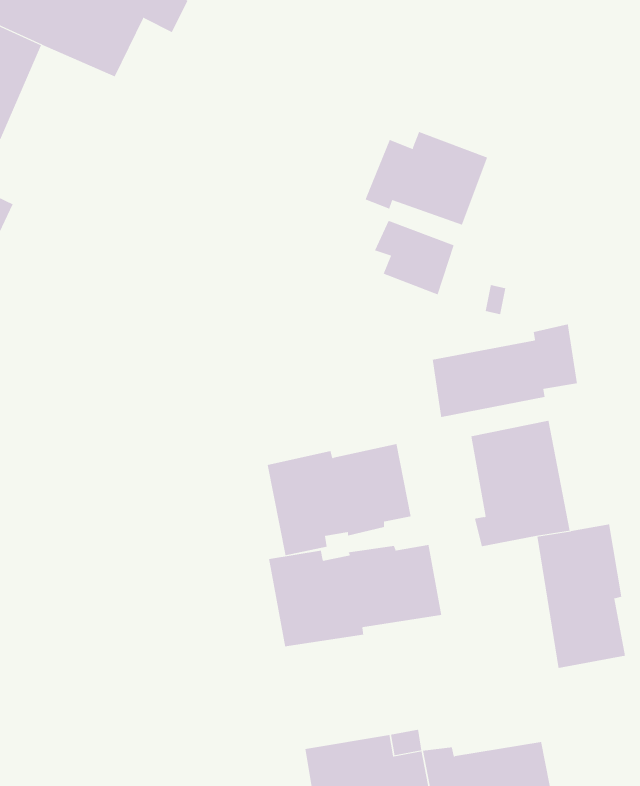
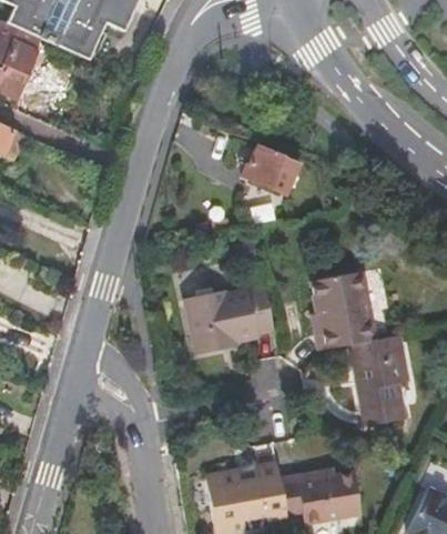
building: [365,131,488,226] -> none
building: [432,324,578,418] -> none
building: [269,544,442,647] -> none

